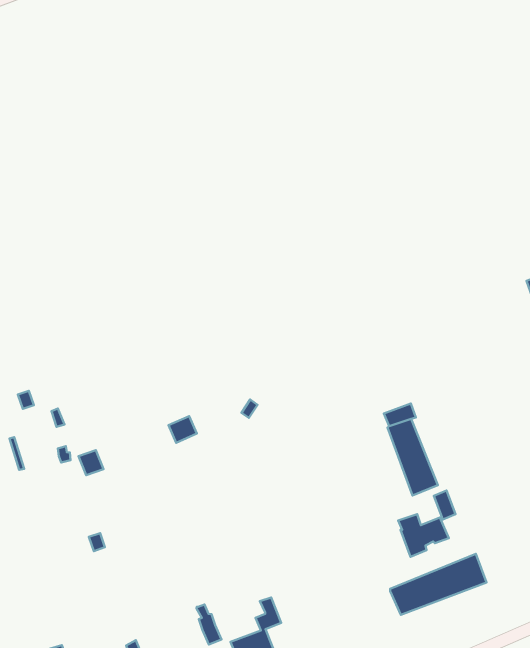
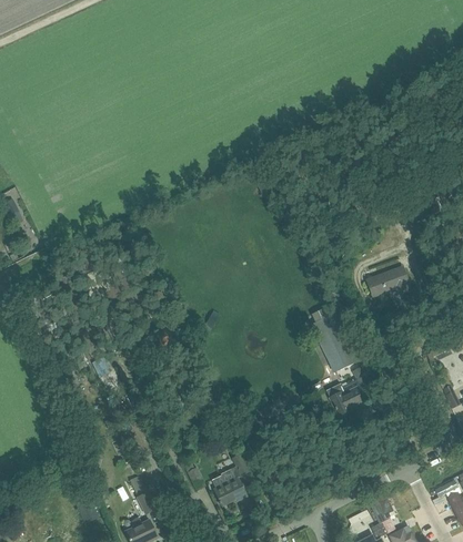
building: none -> [368,266,410,296]
building: [390,554,487,615] -> none

